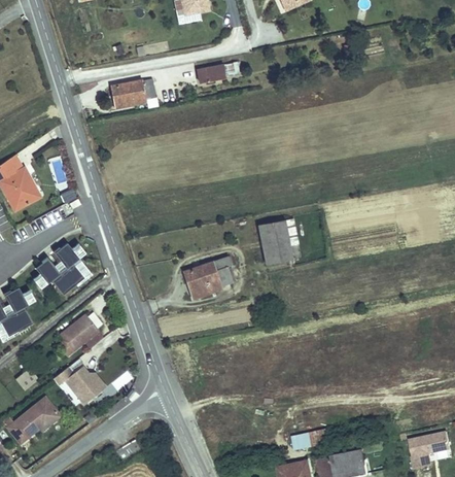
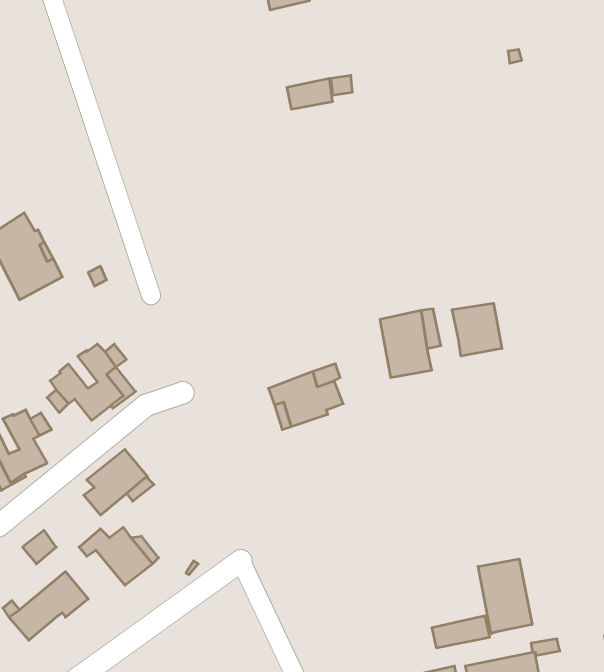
building: [108,78,156,109] -> none
building: none -> [452,303,502,356]
building: none -> [478,559,532,634]

